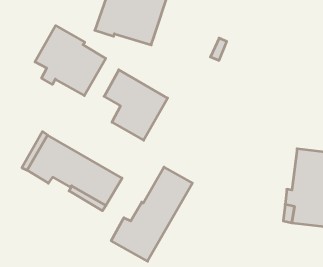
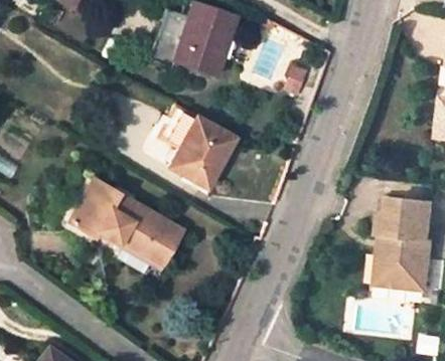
building: [35,26,106,96] -> none
building: [111,167,192,261] -> none

